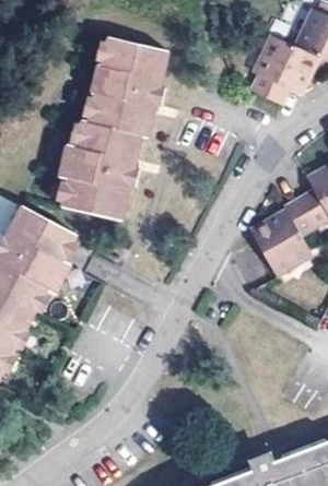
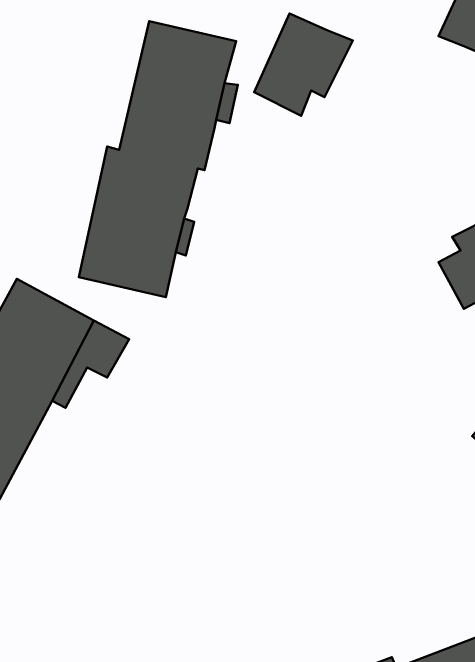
building: [251,38,316,105] -> [254,14,353,116]
building: [254,197,316,271] -> none

